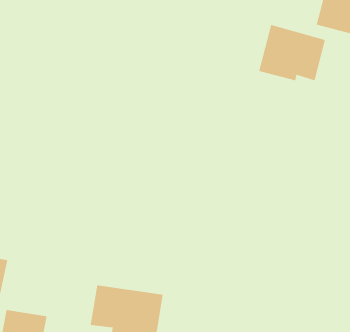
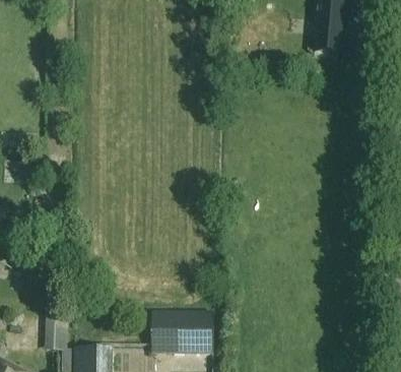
building: [259,24,325,81] -> none

